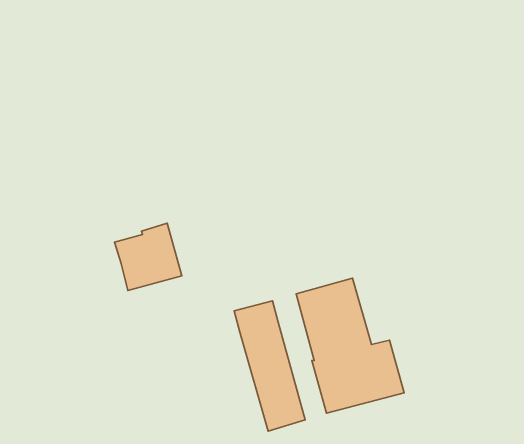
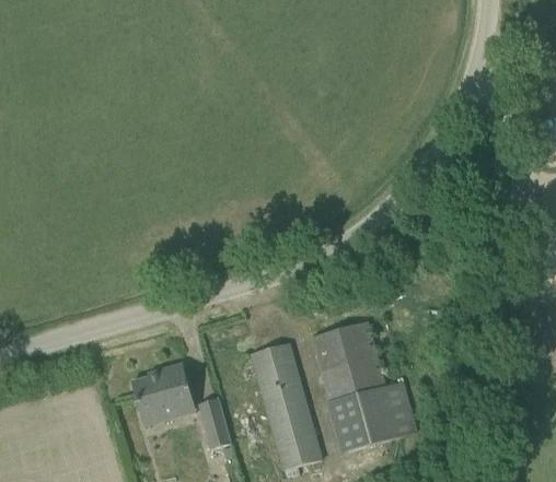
building: [114,223,182,291] -> [130,362,196,427]
building: none -> [198,398,230,449]

